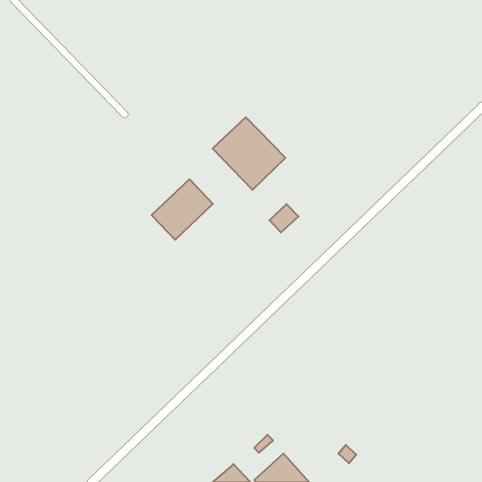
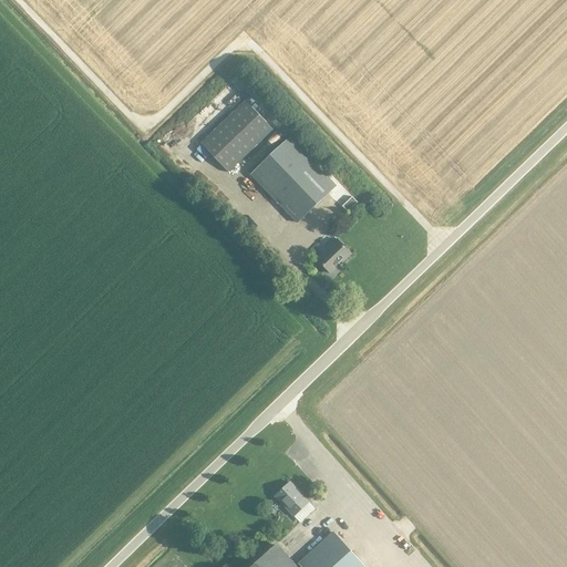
building: [152,179,213,240] -> [199,101,271,172]
building: none -> [274,482,308,516]

